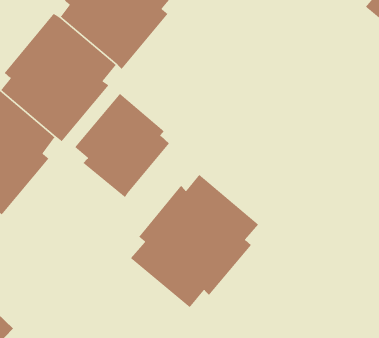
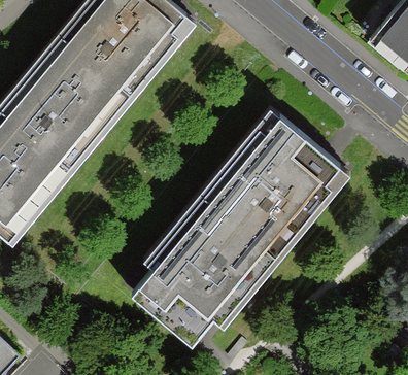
building: none -> [207,117,339,252]
building: [74,93,170,198] -> none

